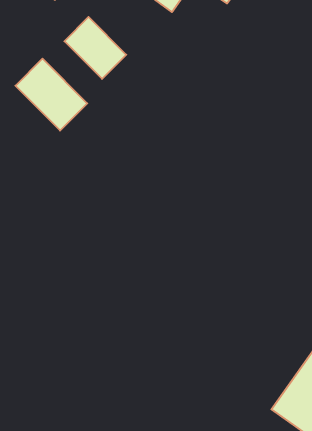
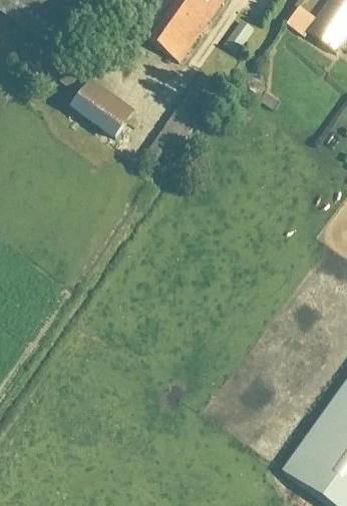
building: [15,59,87,131] -> none

